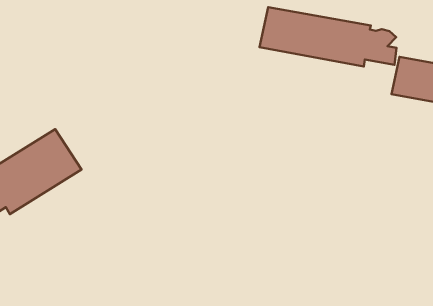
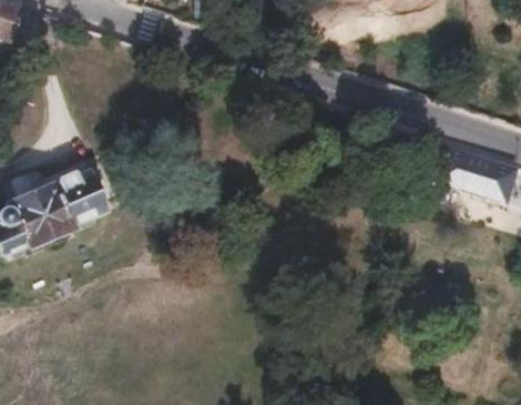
building: [259,7,397,66] -> none

